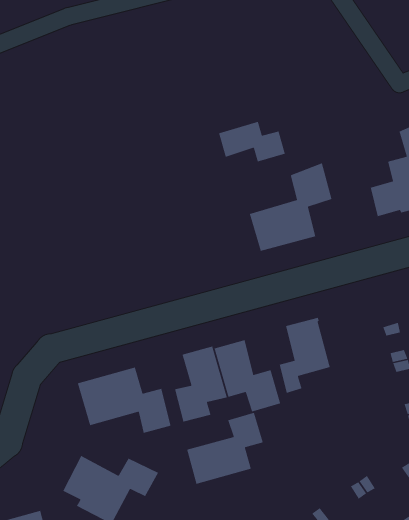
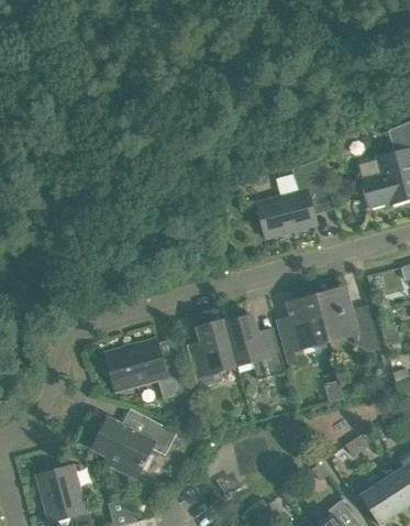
building: [216,121,286,162] -> none
building: none -> [318,291,379,350]
building: [186,412,264,485] -> none

